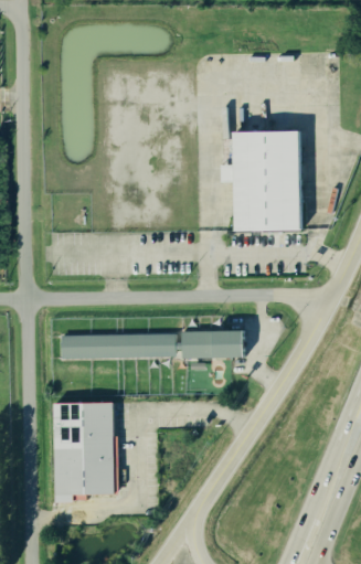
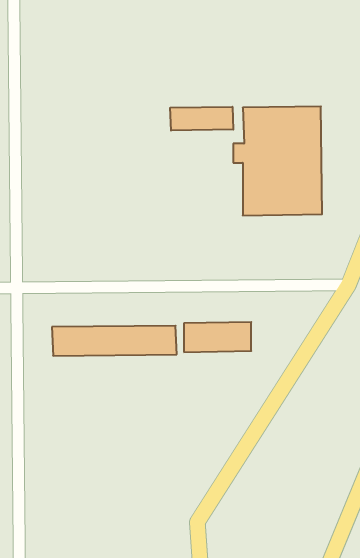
building: none -> [170,107,233,131]
building: [56,402,118,502] -> none

